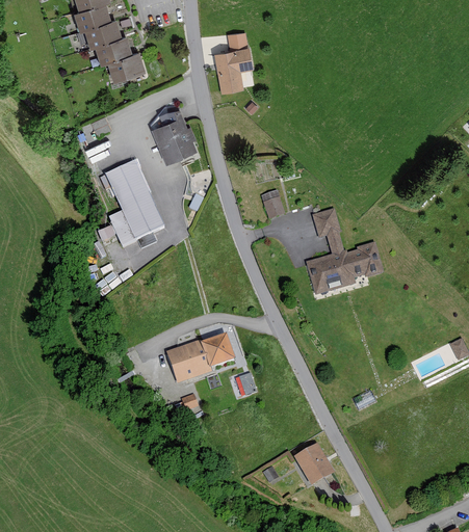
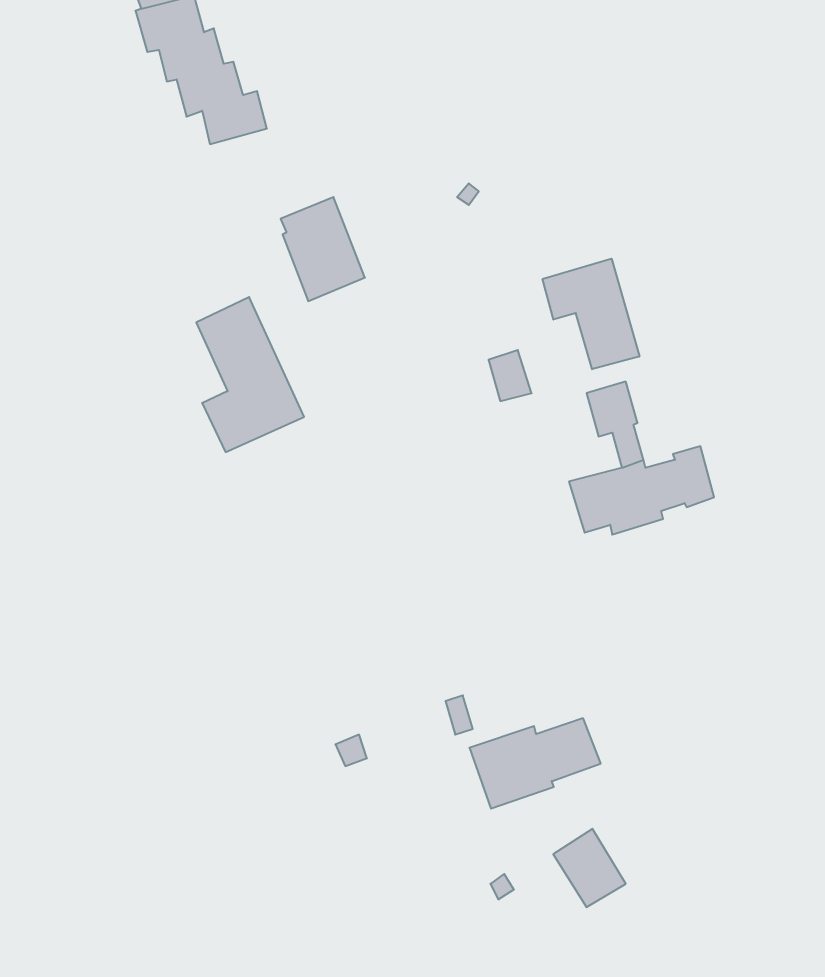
building: [214,32,254,94] -> none
building: none -> [543,259,639,369]
building: [166,336,236,383] -> [469,718,601,809]

